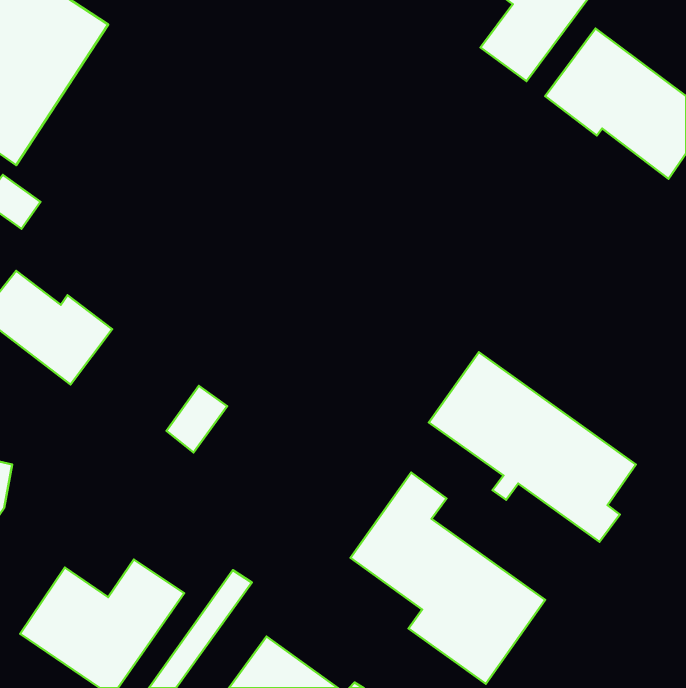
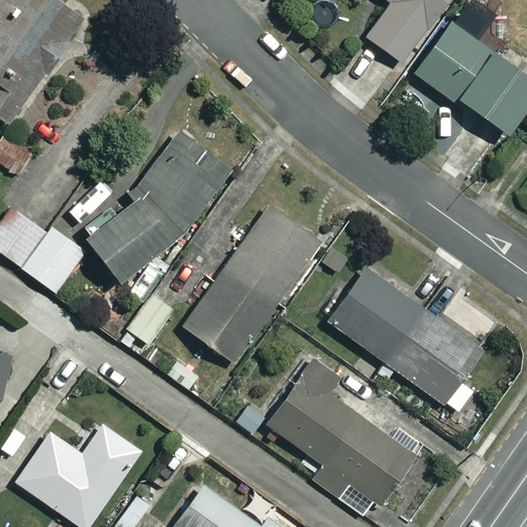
building: none -> [86,129,236,284]
building: none -> [182,206,320,363]

